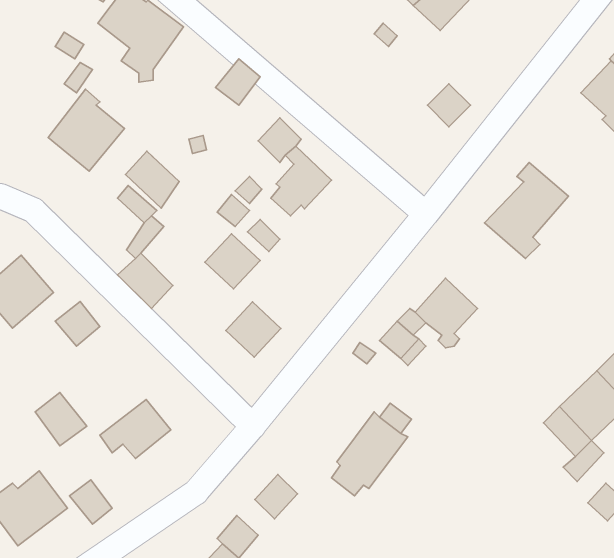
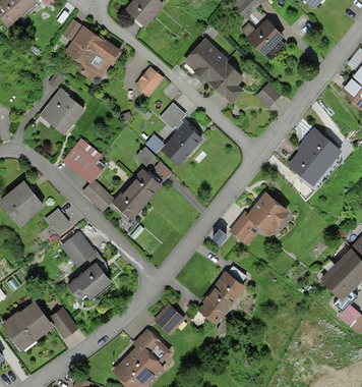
building: none -> [188,41,241,101]
building: [126,151,179,208] -> [63,145,94,177]
building: [226,302,281,357] -> [113,184,144,216]
building: [35,392,87,446] -> [61,232,90,263]

